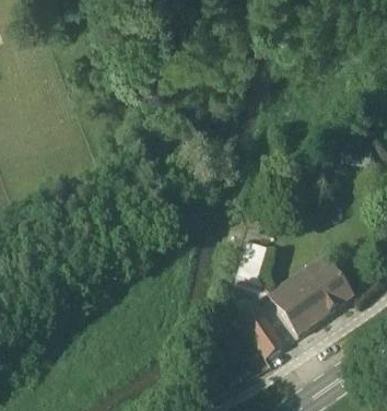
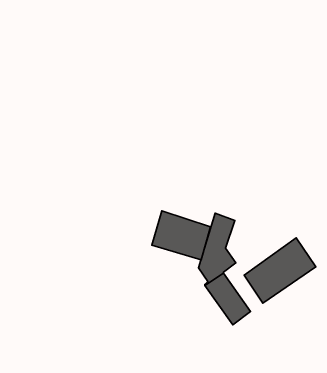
building: none -> [152,211,211,260]

